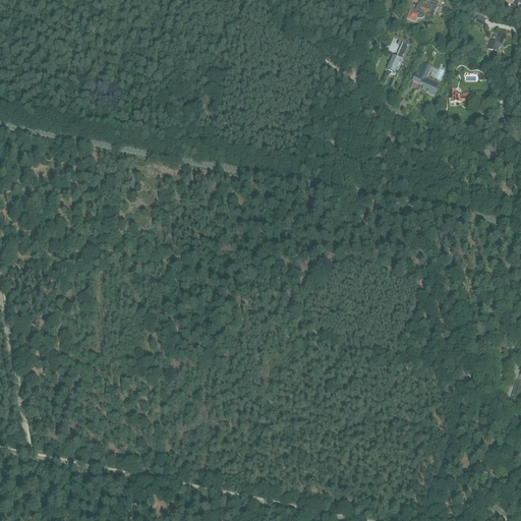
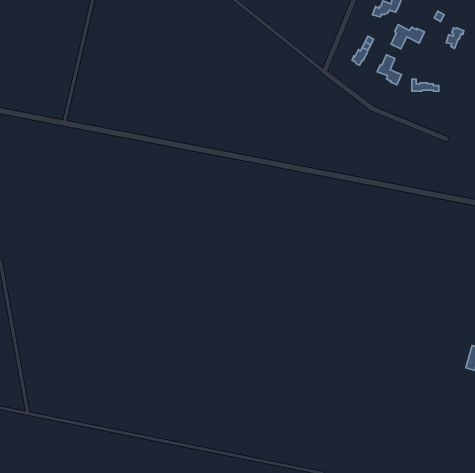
building: none -> [391,25,424,49]

